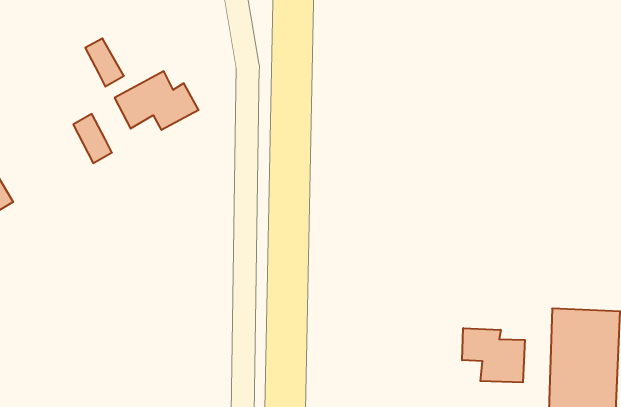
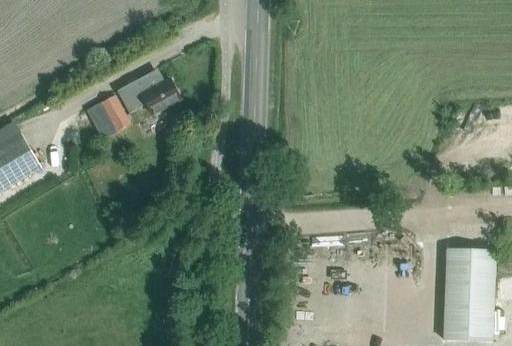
building: [85,38,124,87] -> [101,95,130,131]
building: [462,328,525,382] -> none

